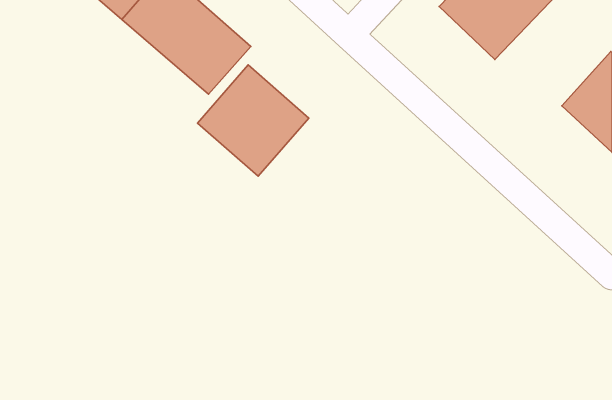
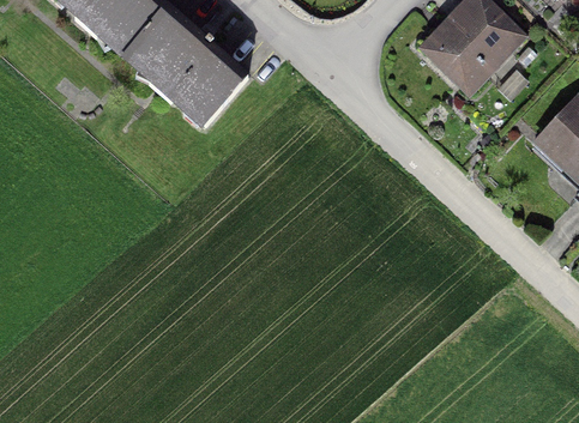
building: [198,65,309,176] -> none

